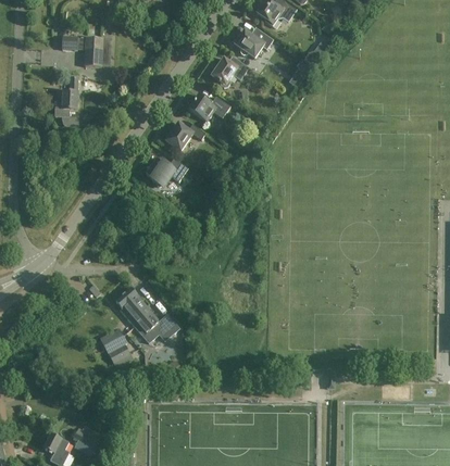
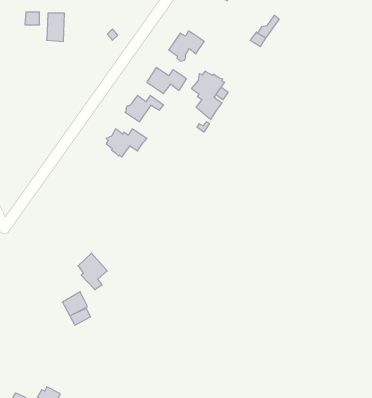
building: [234,28,273,58] -> none
building: [54,76,77,115] -> none
building: none -> [192,71,225,119]
building: [134,305,179,342] -> none

